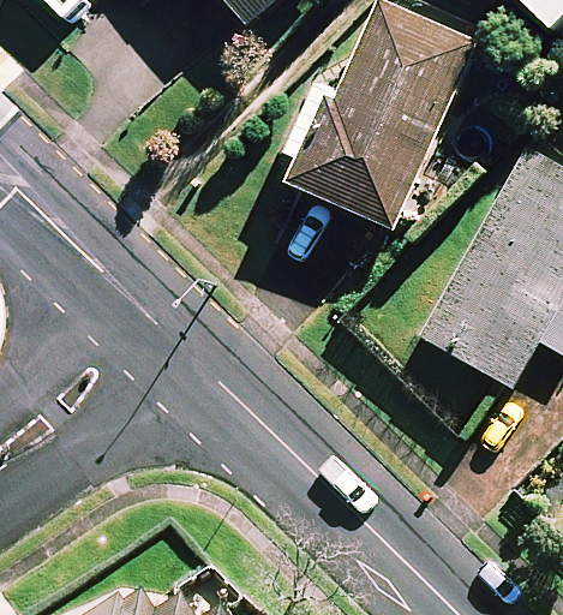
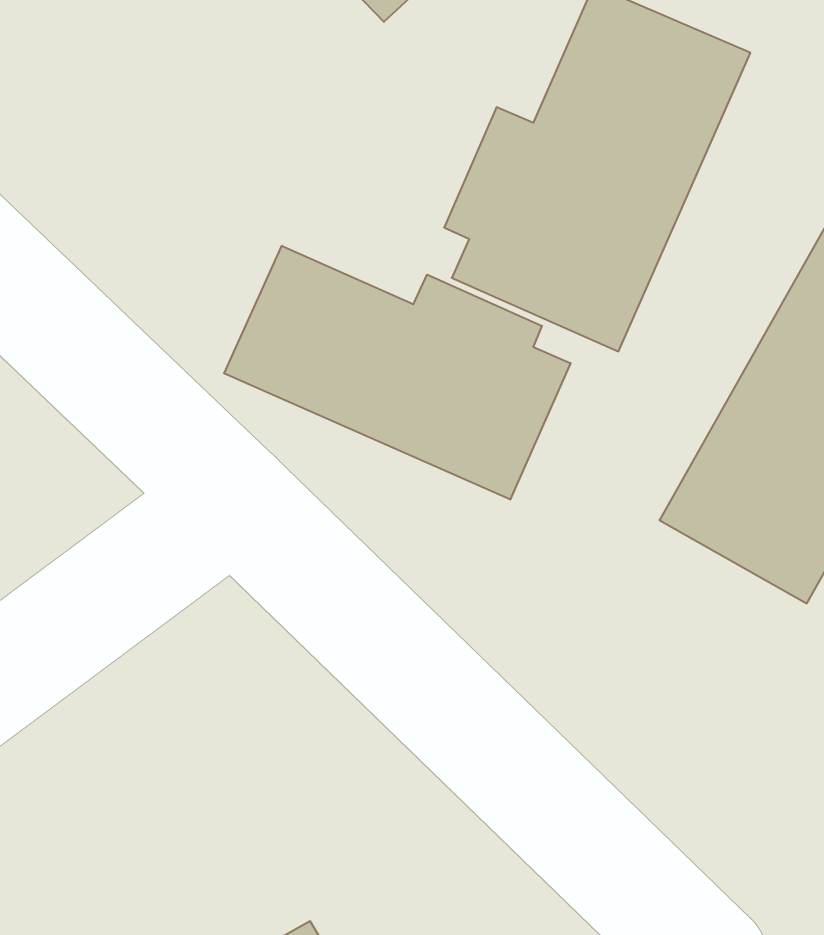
building: none -> [224,246,571,500]

